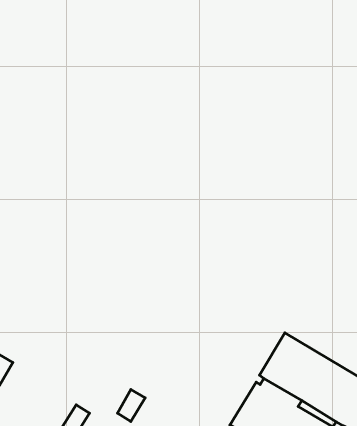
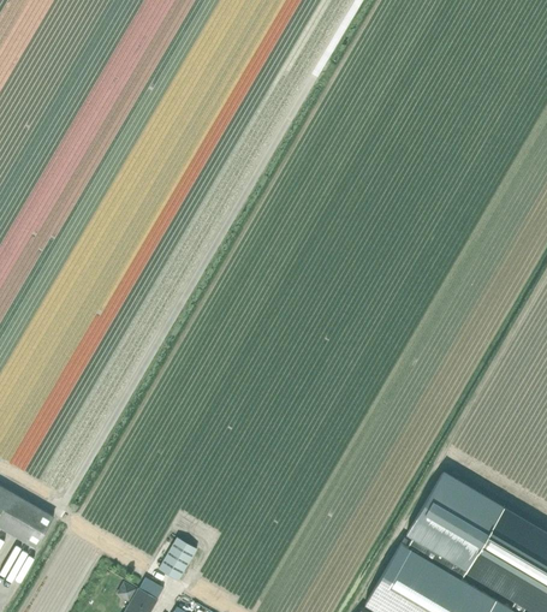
building: [117,389,145,421] -> [159,536,198,582]

